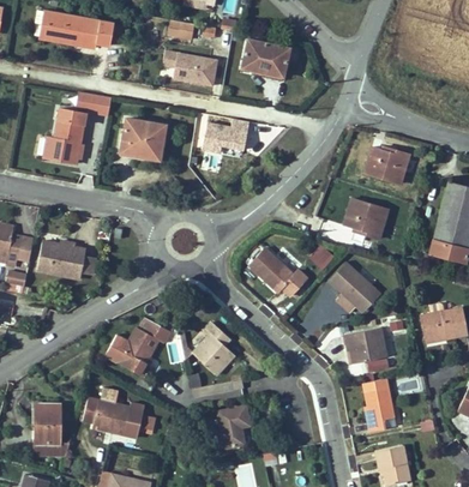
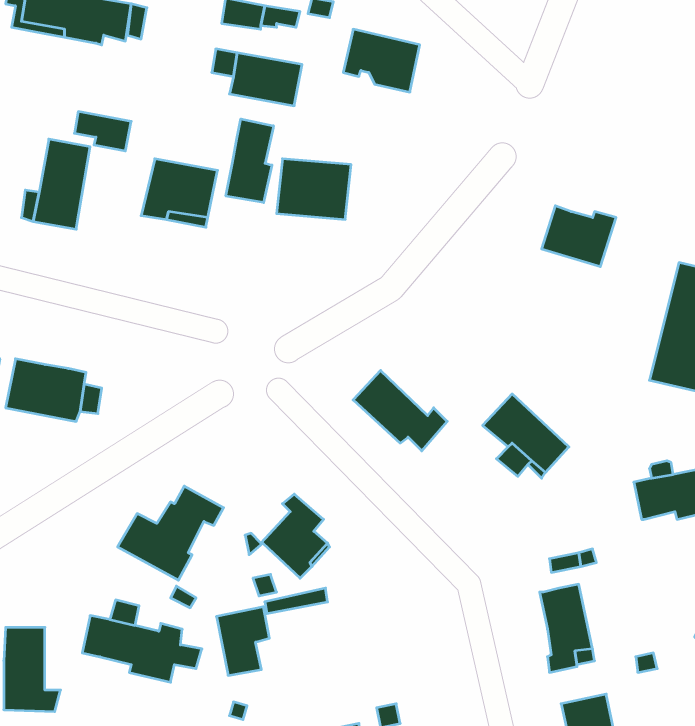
building: none -> [226,119,273,203]
building: [344,198,387,239] -> none
building: [343,327,386,363] -> none
building: [217,405,249,447] -> [216,607,269,675]

